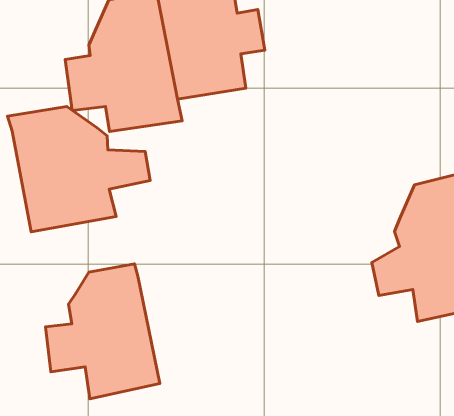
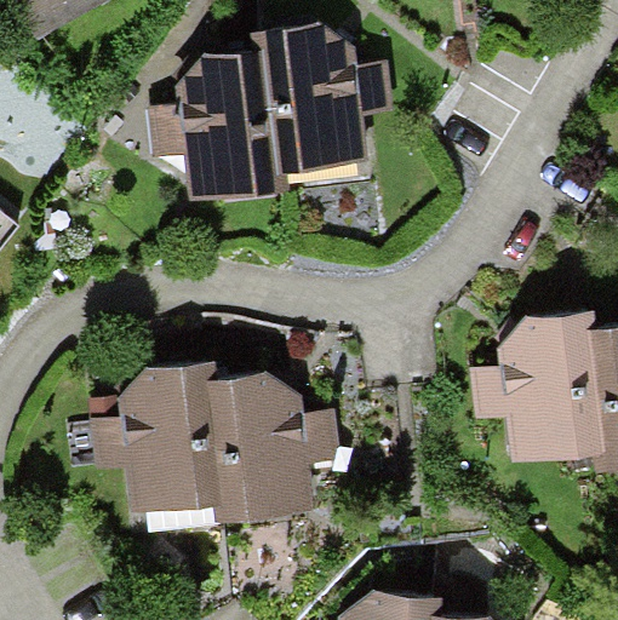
building: [8,107,150,232] -> none
building: none -> [204,372,334,516]

